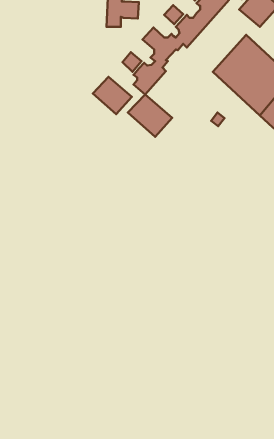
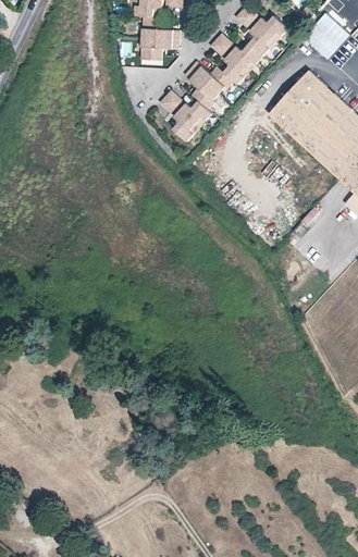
building: [93,77,132,114] -> none
building: [128,95,172,137] -> none

